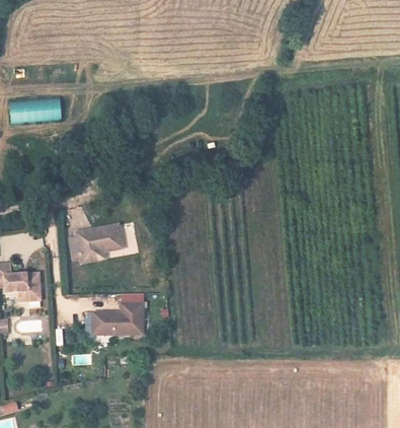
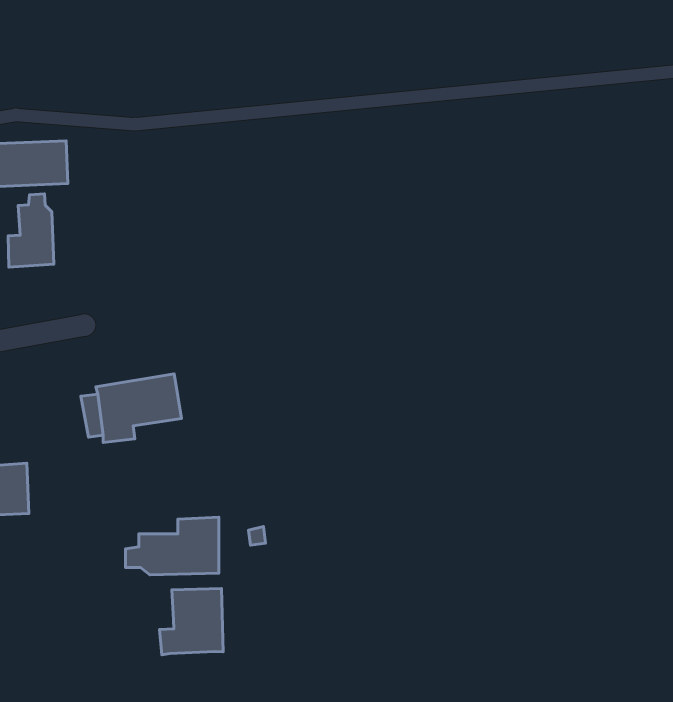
building: none -> [8,194,54,267]
building: none -> [159,588,223,655]

